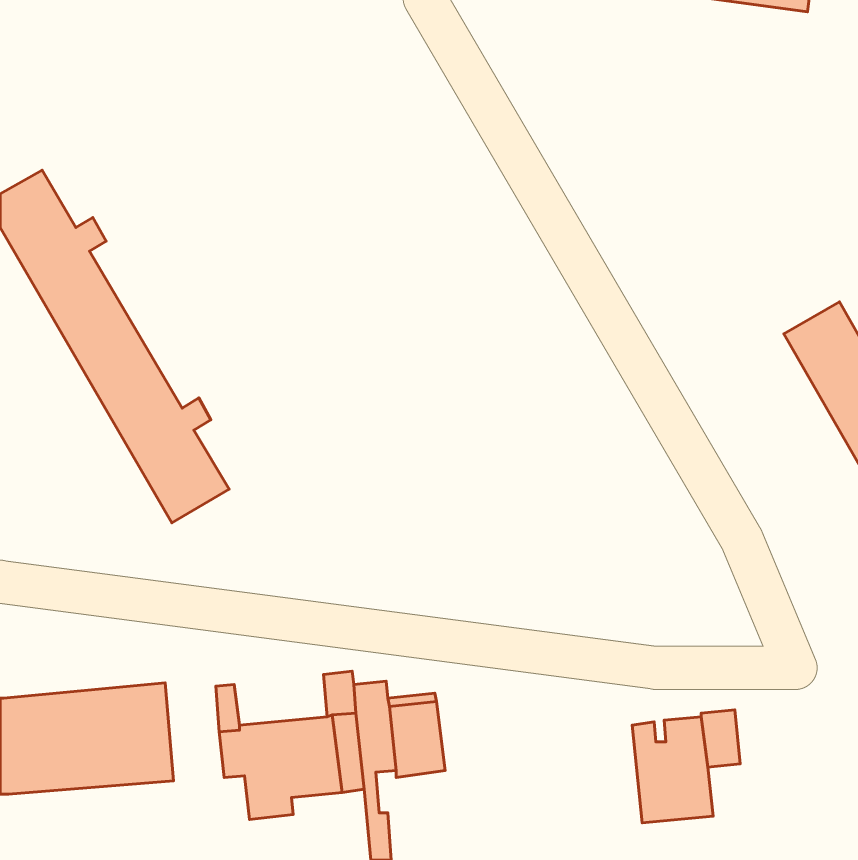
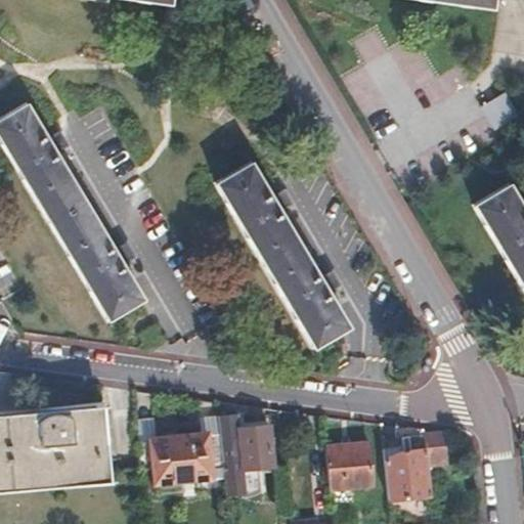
building: none -> [219,161,350,346]
building: none -> [329,441,377,498]

